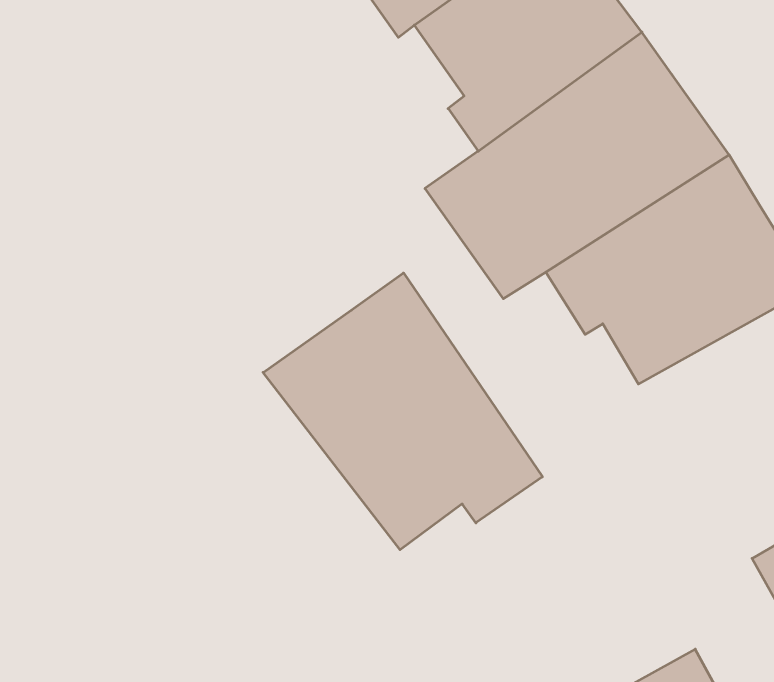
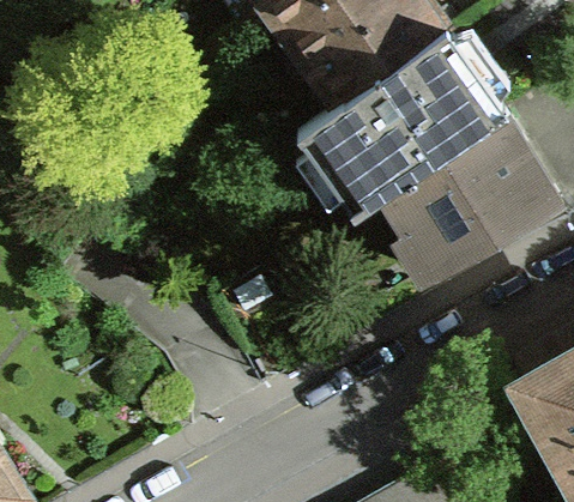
building: [263,273,542,550] -> none

